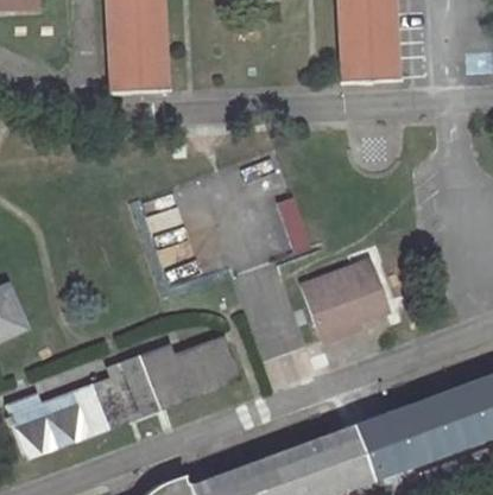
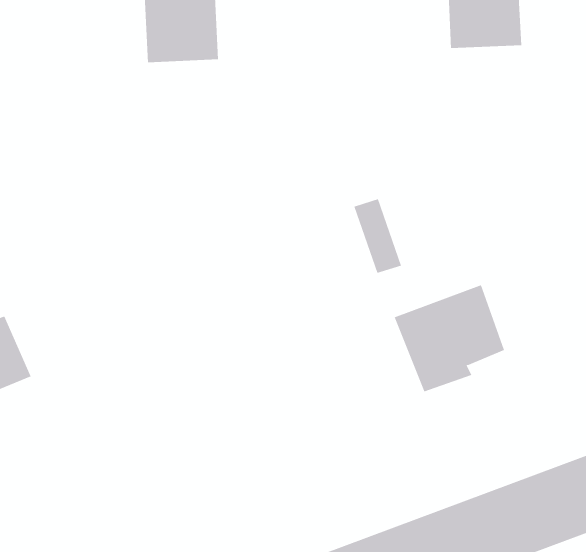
building: [8,342,241,453] -> none

